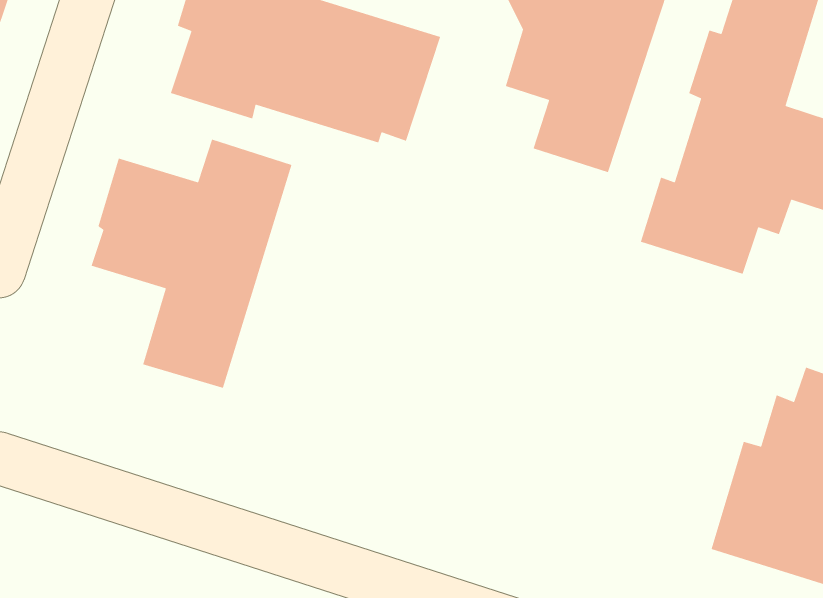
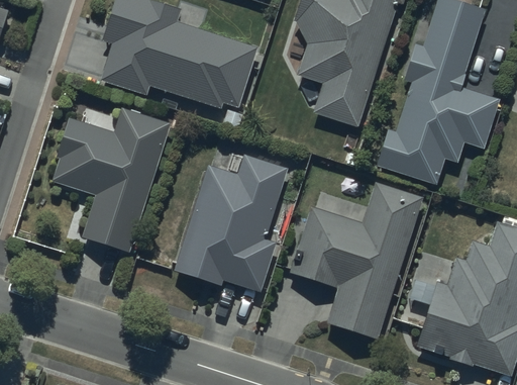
building: none -> [176,155,287,292]
building: none -> [289,183,426,338]

